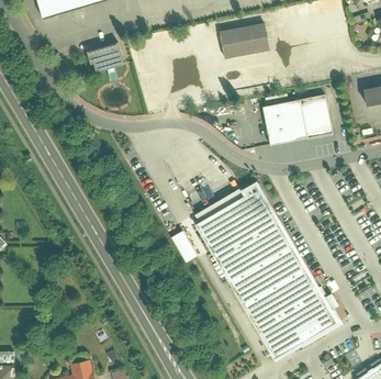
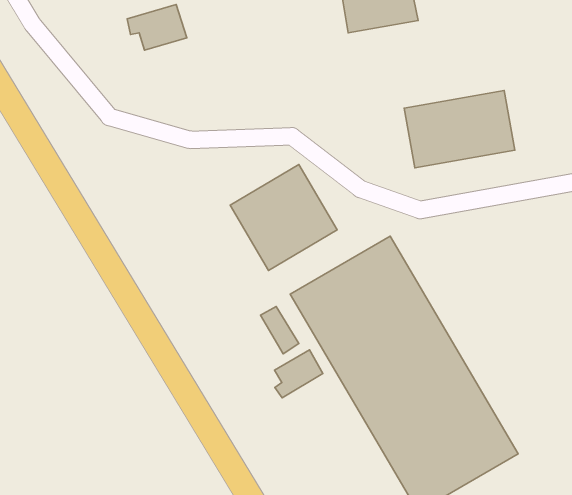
building: none -> [230,165,337,270]
building: none -> [275,350,323,398]

